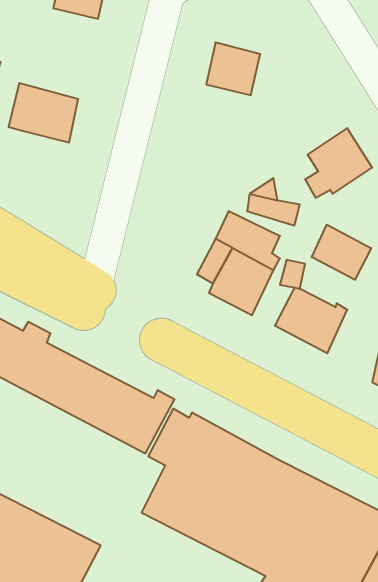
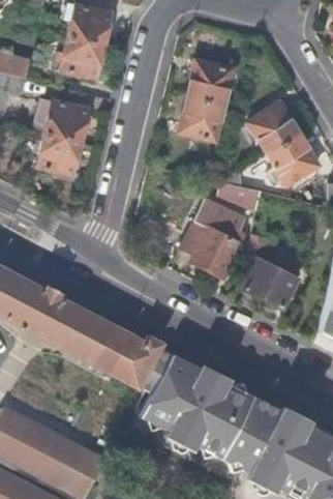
building: none -> [60,37,103,79]
building: none -> [180,97,223,138]
building: none -> [248,100,299,152]
building: none -> [37,134,81,176]
building: [312,225,371,280] -> none

